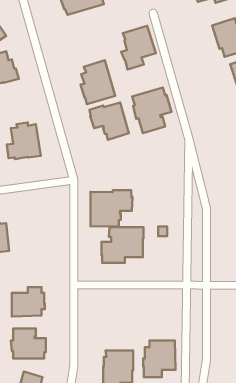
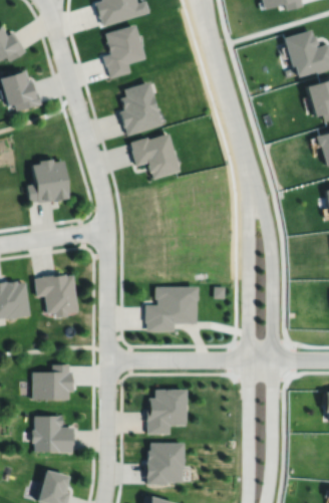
building: [121,26,156,70] -> [102,24,145,78]
building: [132,87,172,133] -> none
building: [91,190,133,226] -> none
building: none -> [36,274,80,319]
building: [143,341,175,377] -> [147,388,188,433]

